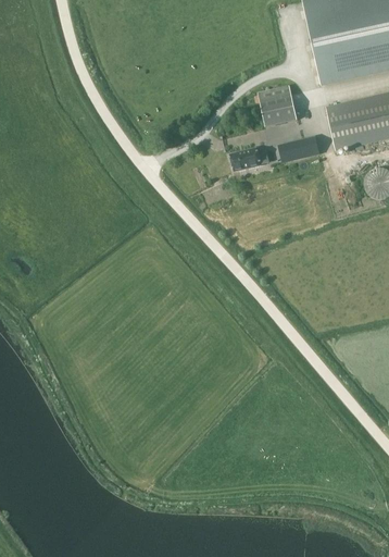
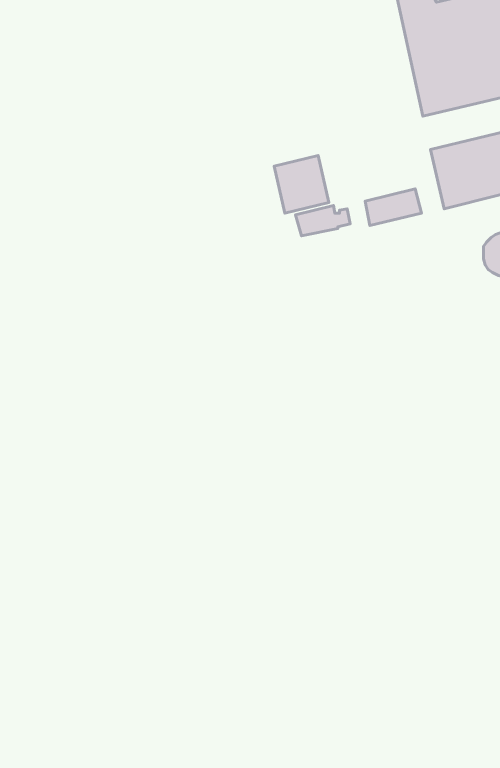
building: [259,85,298,126] -> [274,156,329,213]

